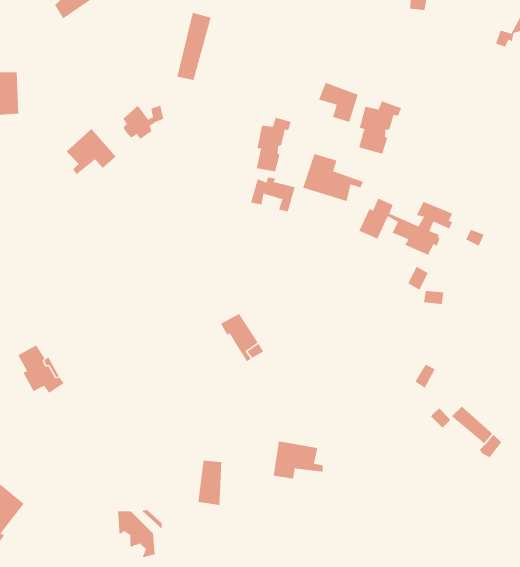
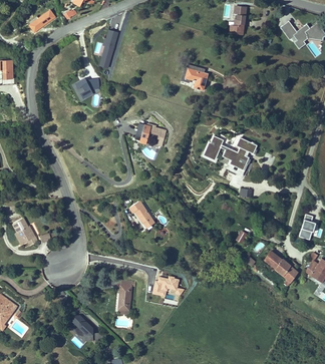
building: [359,101,402,154] -> none
building: [256,117,292,172] -> none
building: [66,128,116,175] -> none
building: [302,153,364,202] -> none

